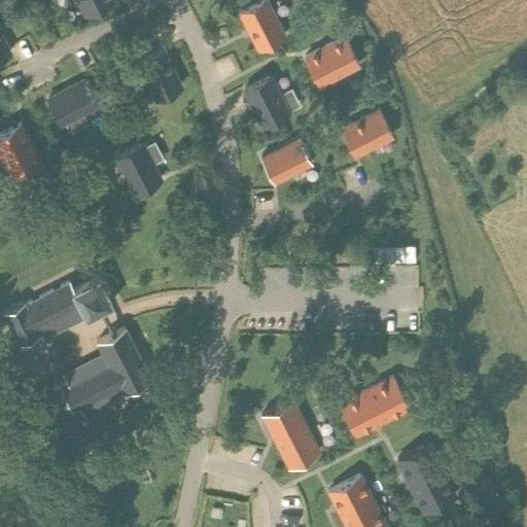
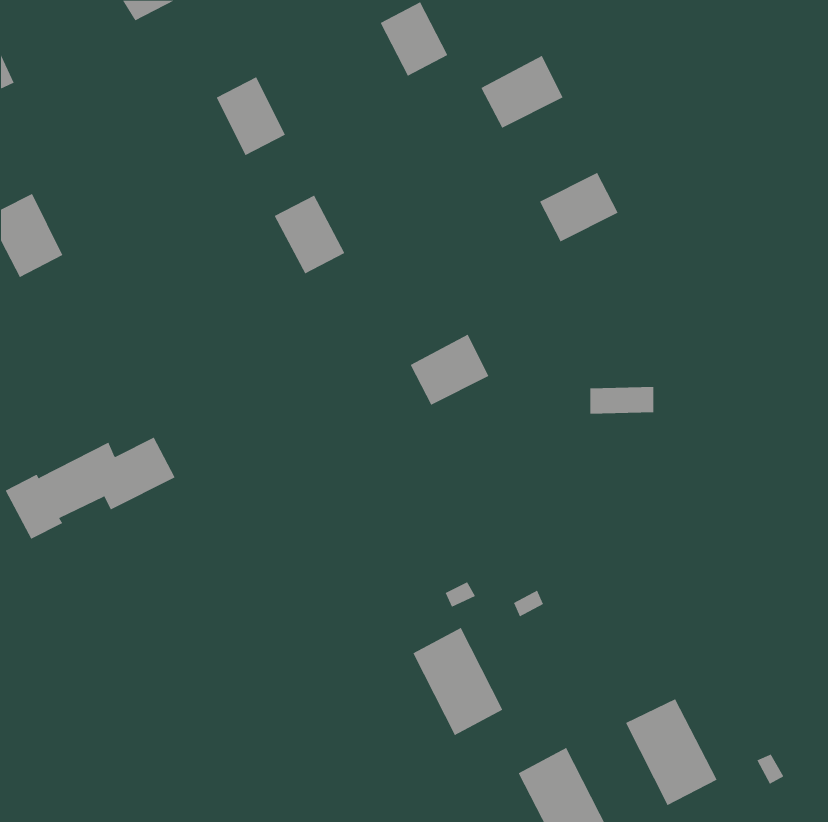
building: [245,80,289,130] -> none
building: [48,84,98,129] -> none
building: [261,141,312,186] -> [410,334,489,405]
building: [116,147,162,198] -> [274,195,345,274]
building: [61,331,151,416] -> none
building: [341,380,410,438] -> none

